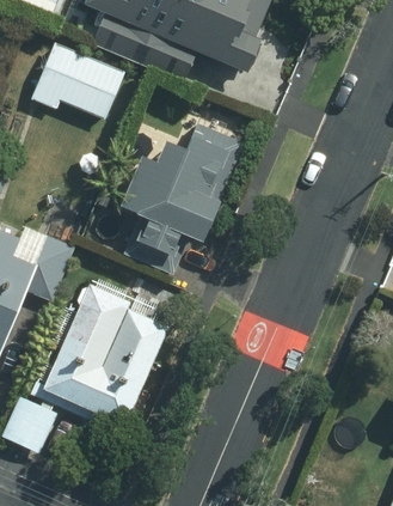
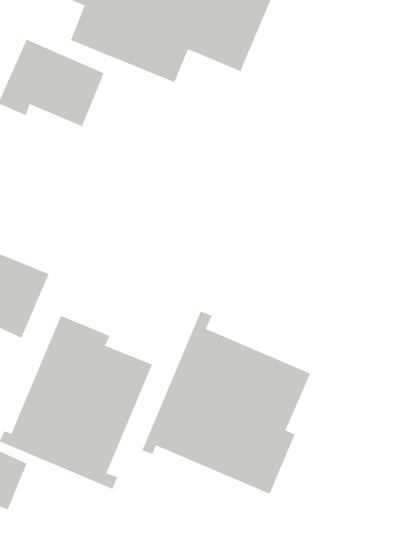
building: [116,122,246,274] -> none
building: none -> [141,311,311,494]

